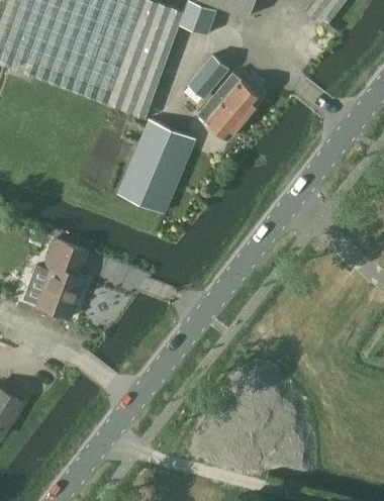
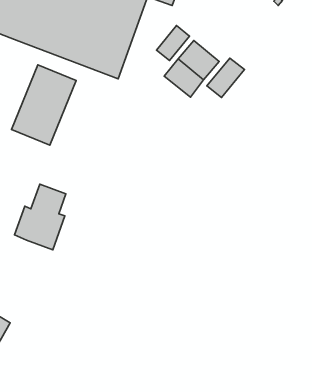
building: none -> [207,58,244,98]
building: [118,119,193,212] -> [12,65,76,145]

